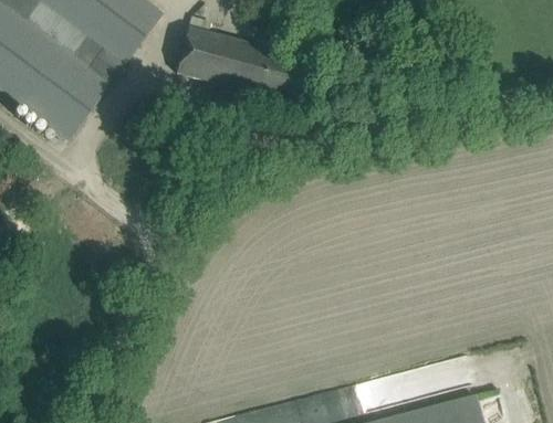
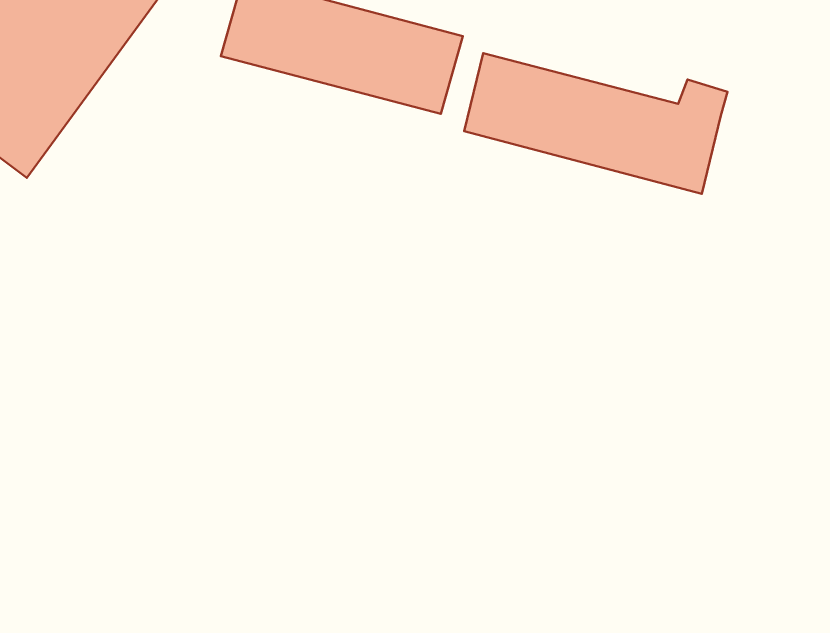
building: none -> [464,53,728,194]

